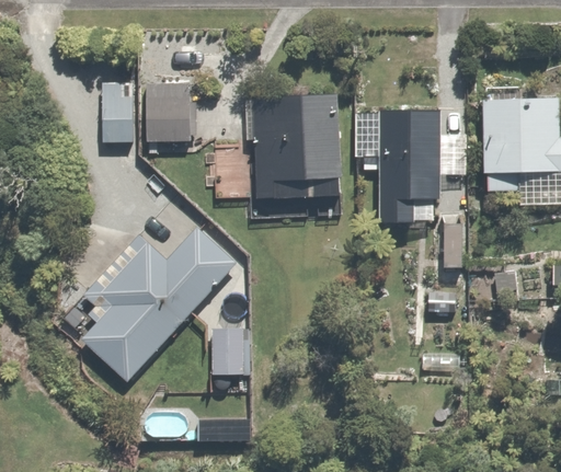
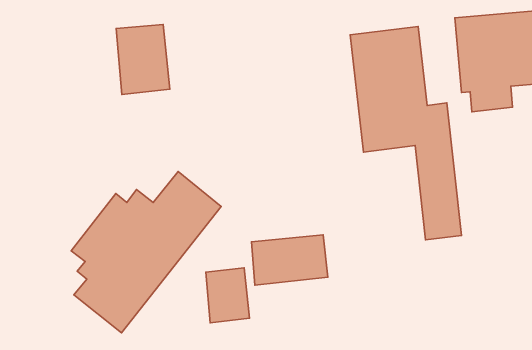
building: [103,81,137,146] -> none
building: [242,93,347,223] -> none
building: none -> [251,235,328,285]

